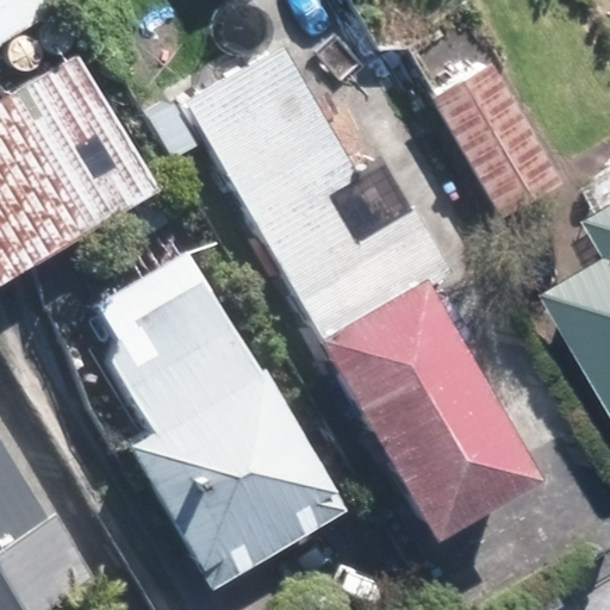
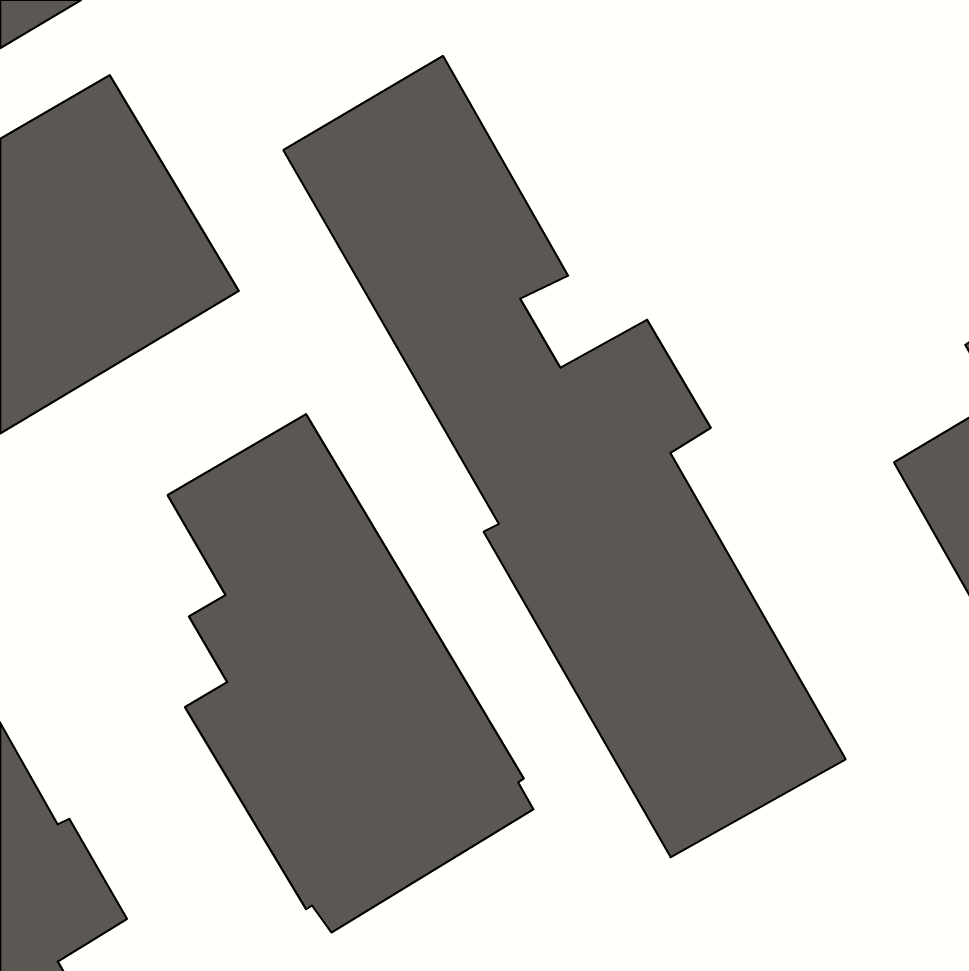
building: [432,58,564,218] -> none

